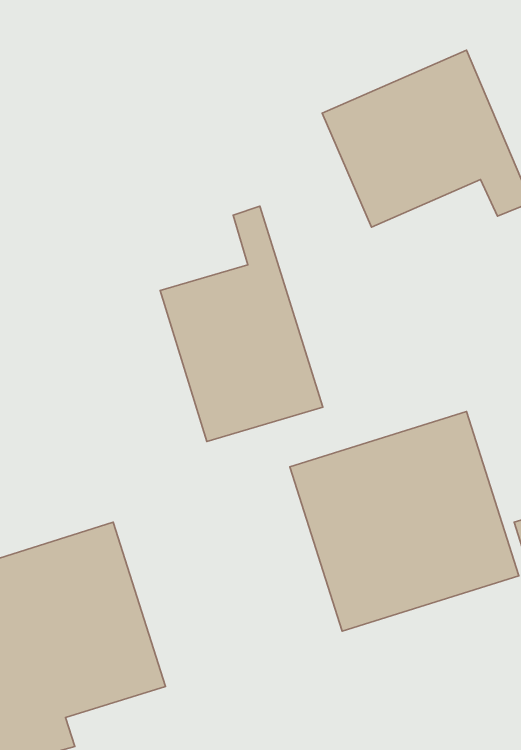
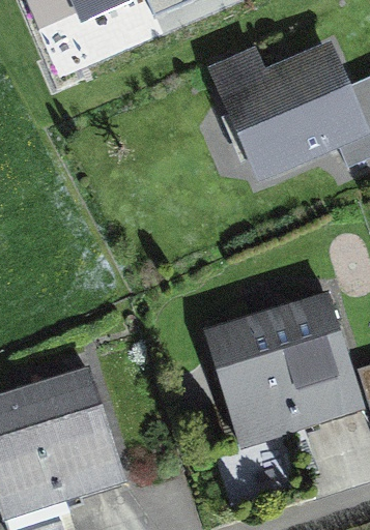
building: [160,206,323,441] -> none

